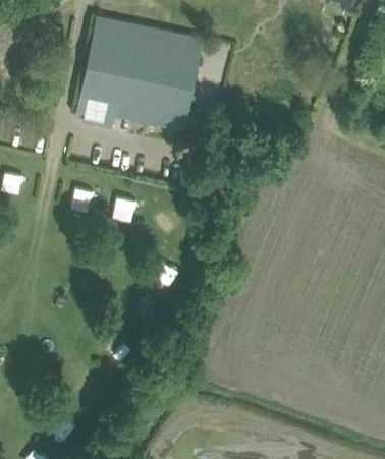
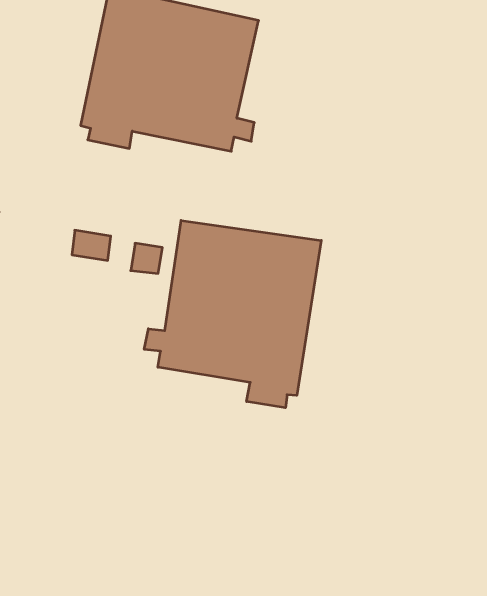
building: none -> [144,220,321,408]

